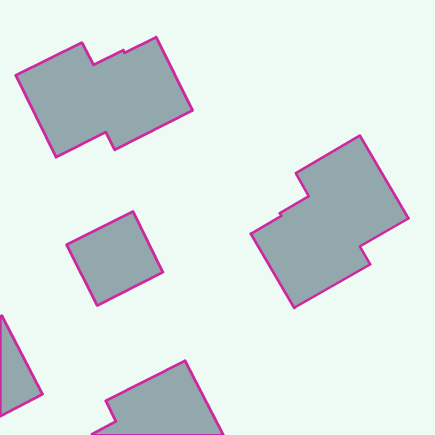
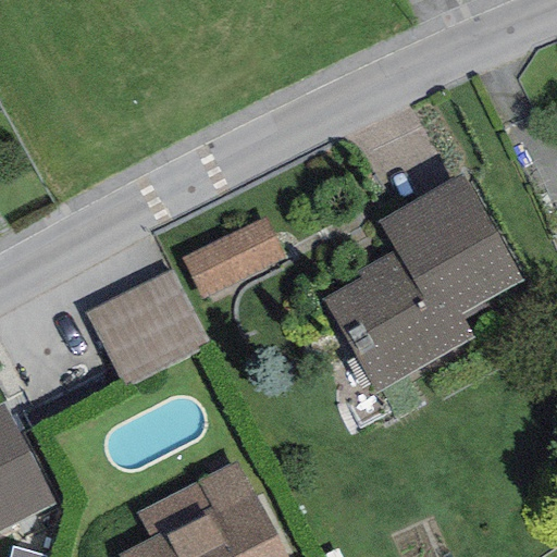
building: [16,37,192,157] -> none
building: none -> [182,216,285,299]

